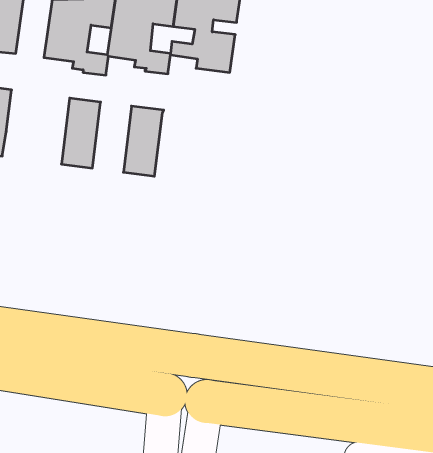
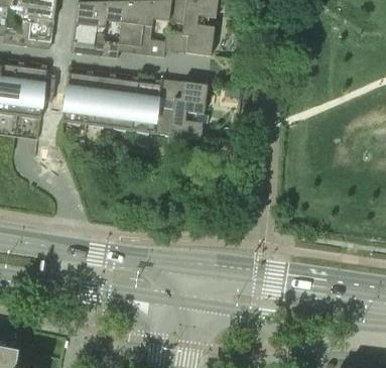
building: none -> [61,72,91,124]
building: none -> [108,78,137,130]
building: none -> [154,81,208,139]

